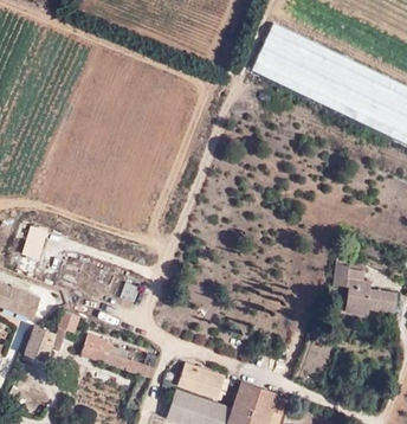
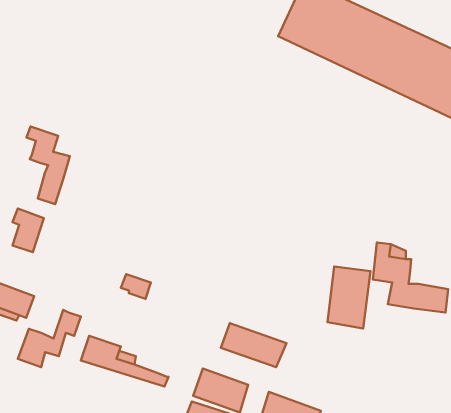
building: none -> [27,126,70,204]
building: none -> [327,266,371,328]
building: none -> [221,323,286,367]

